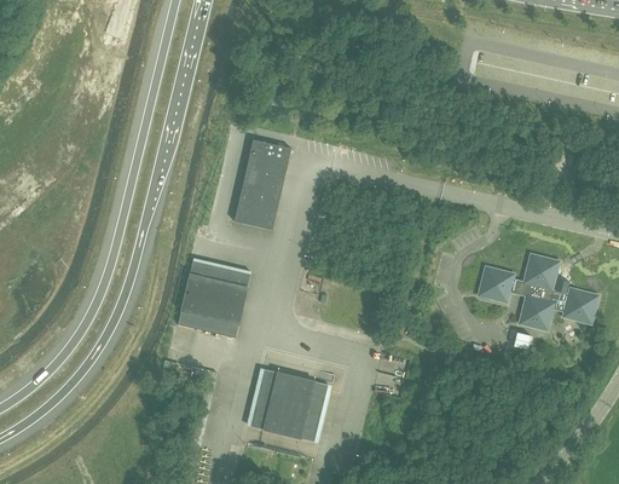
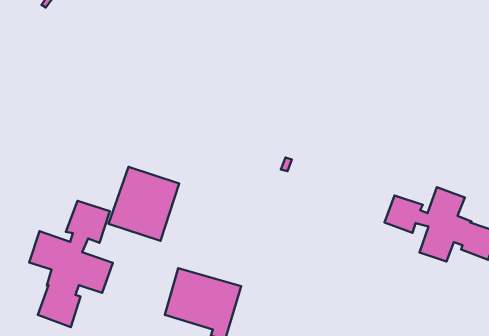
building: [225,139,291,230] -> none
building: none -> [29,201,113,327]

